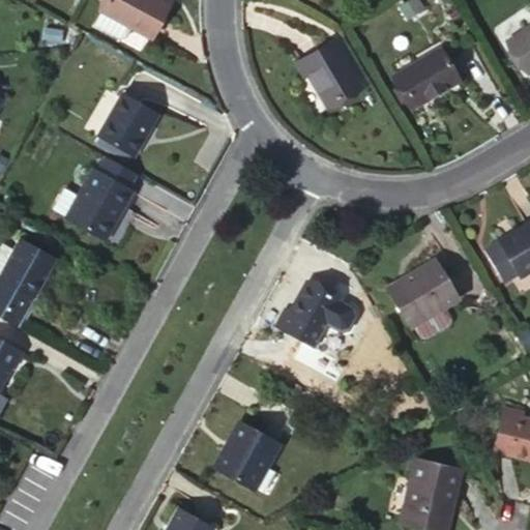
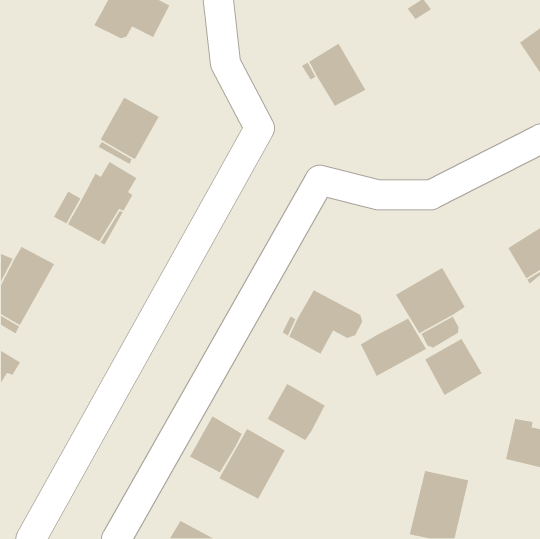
building: [393,50,458,108] -> none
building: none -> [360,318,427,377]
building: none -> [424,338,483,396]
building: none -> [266,383,326,441]
building: none -> [189,415,243,473]

